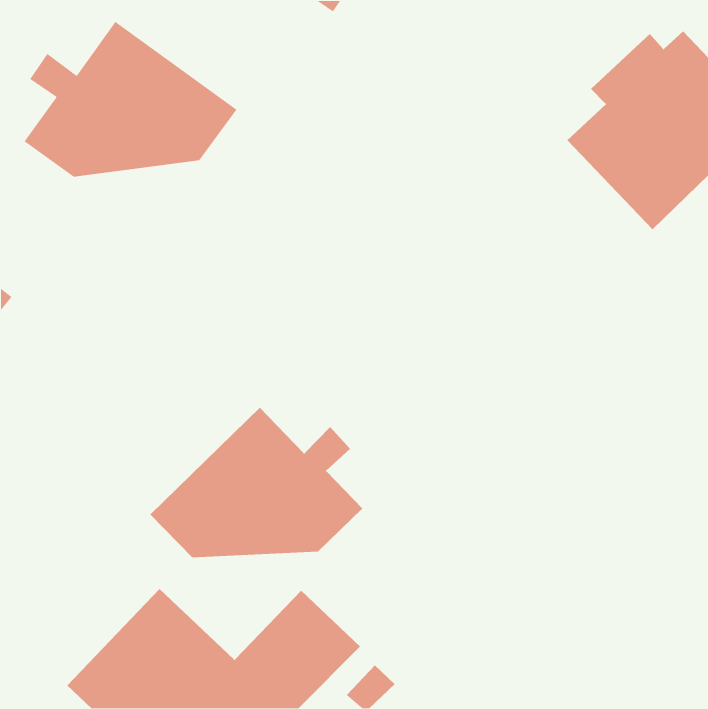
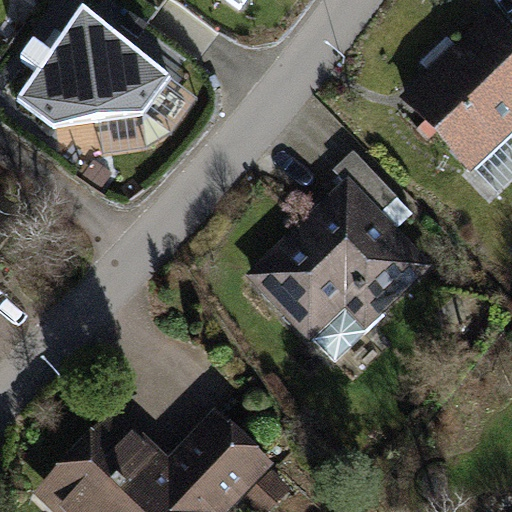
building: none -> [255,158,426,362]
building: [149,407,363,558] -> none

